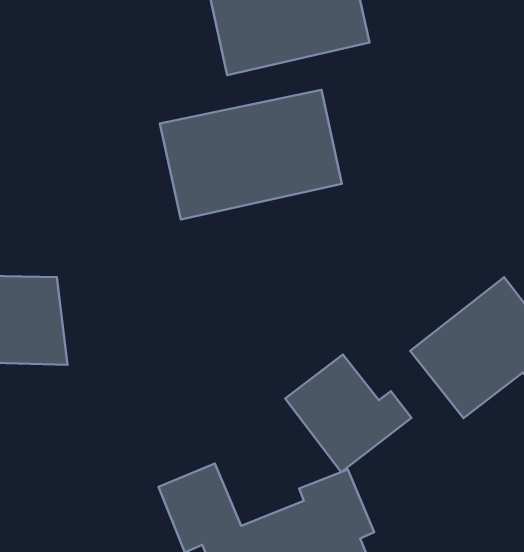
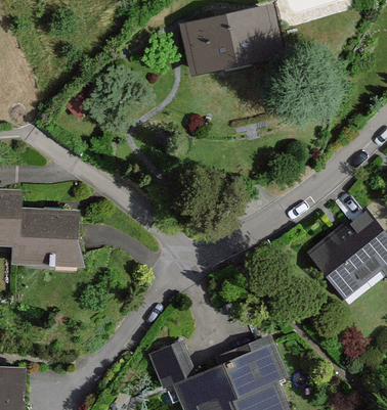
building: [160,90,342,219] -> none
building: [285,355,411,472] -> none

